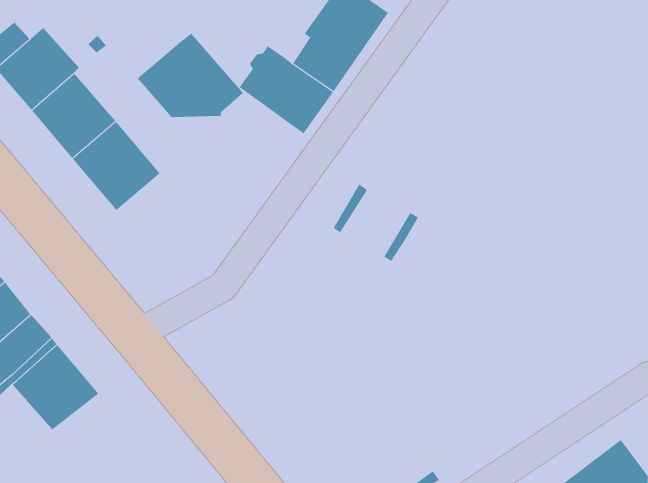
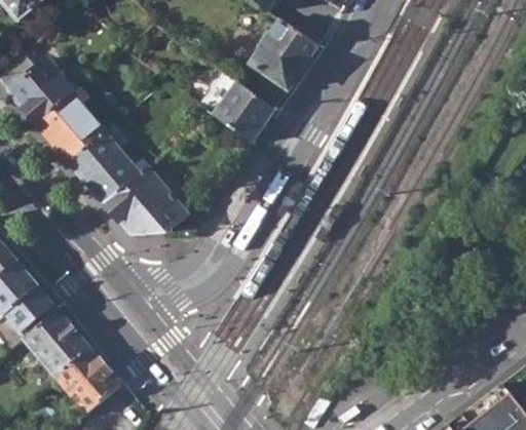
building: [137,33,244,118] -> [105,167,189,234]
building: none -> [54,347,121,413]

